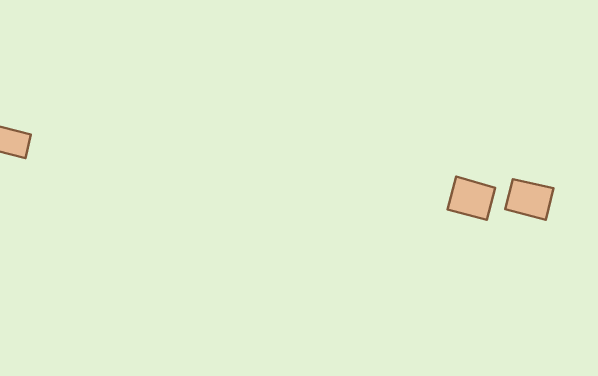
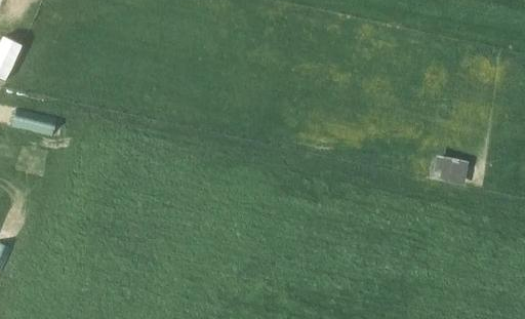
building: [447,177,495,220] -> none

